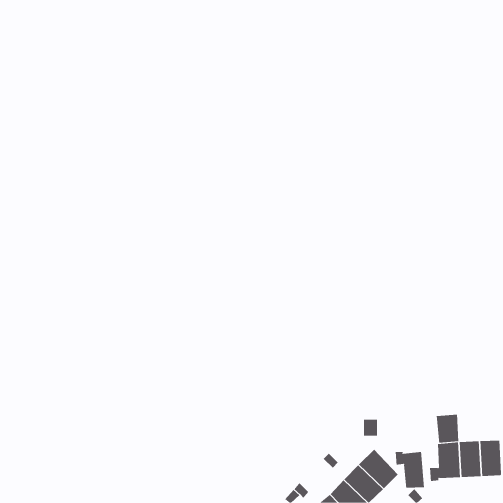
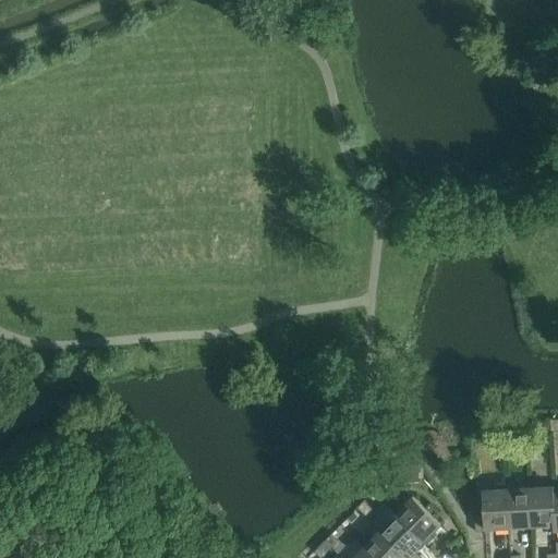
building: [436,414,459,443] -> none
building: [395,451,424,489] -> none

